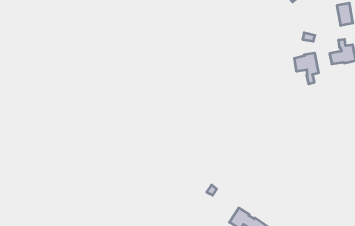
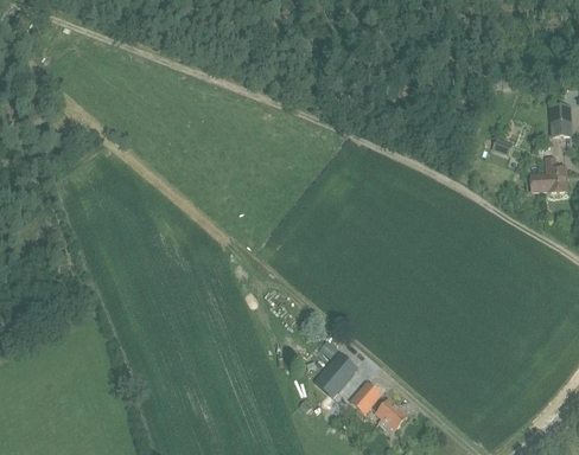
building: [294,53,318,84] -> none
building: none -> [314,351,358,396]

